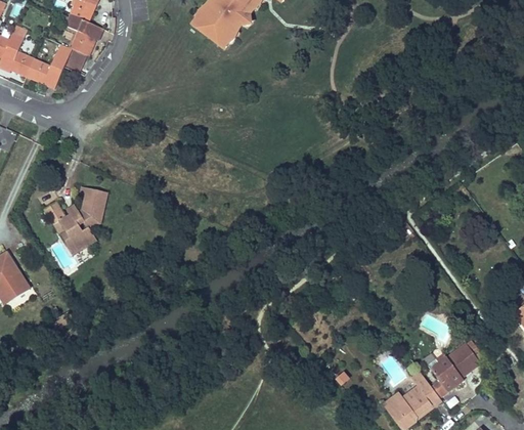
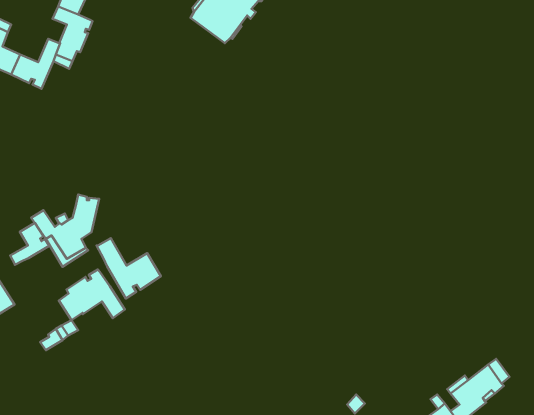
building: none -> [10,223,49,265]
building: none -> [96,238,161,298]
building: none -> [59,269,125,320]

